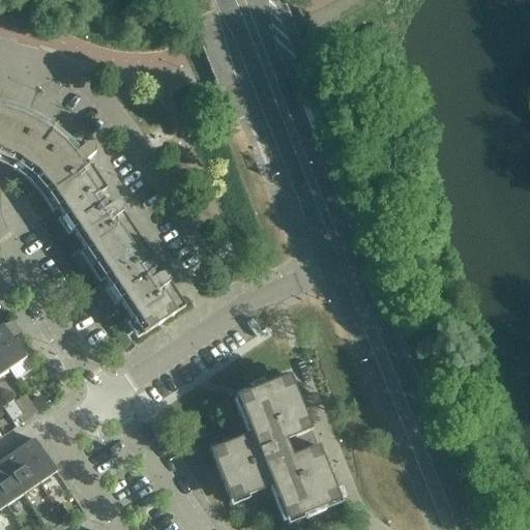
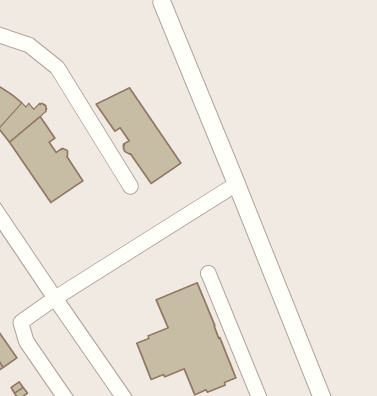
building: none -> [96,88,181,184]
building: [100,240,185,331] -> none

